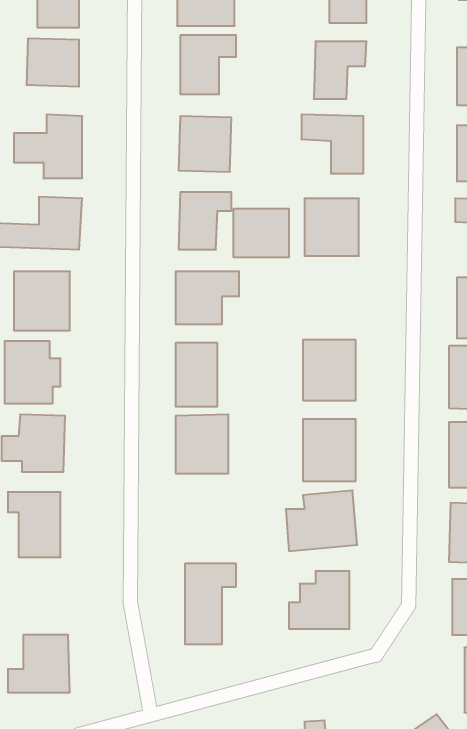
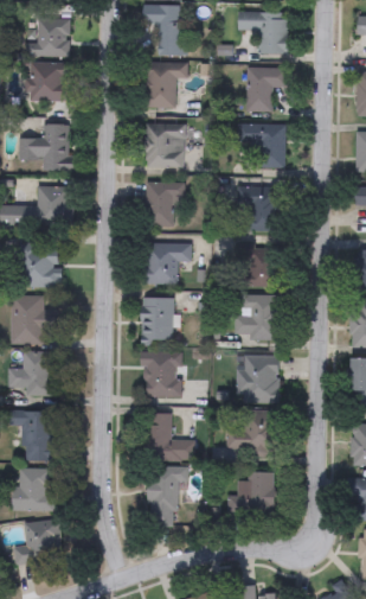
building: [233,209,289,257] -> [237,249,280,286]
building: none -> [146,413,194,459]
building: none -> [15,467,53,510]

